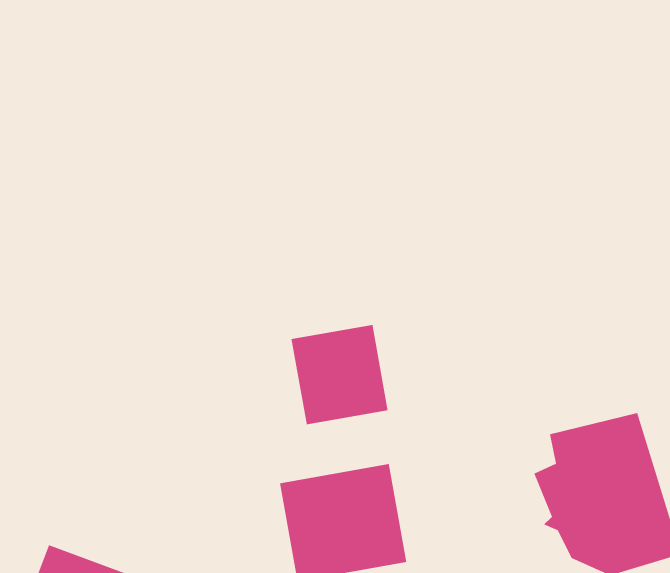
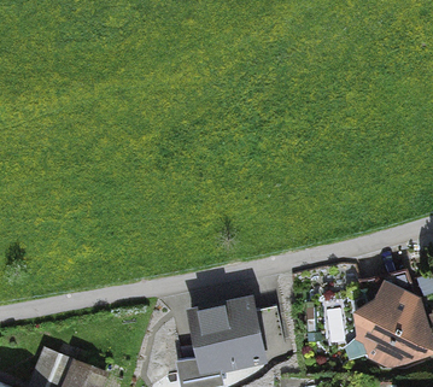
building: [291,324,388,425] -> none

